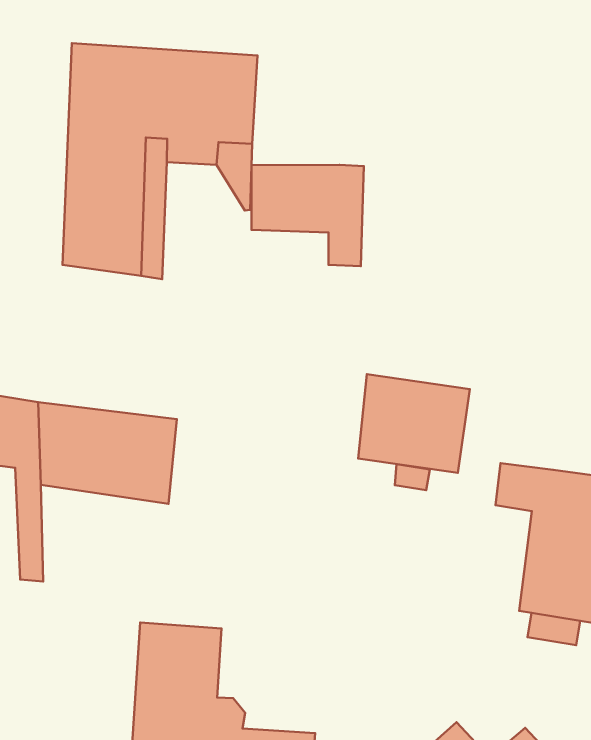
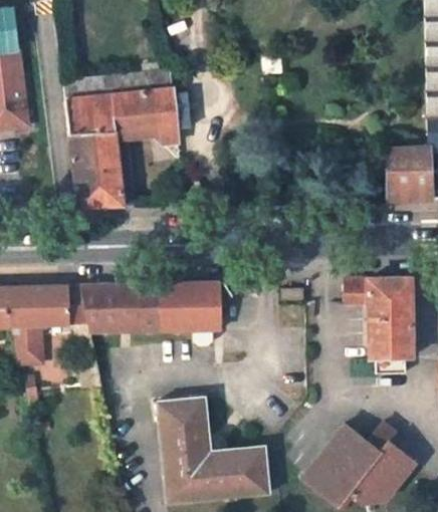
building: [251,165,364,266] -> none
building: [358,374,470,473] -> [160,281,220,330]

